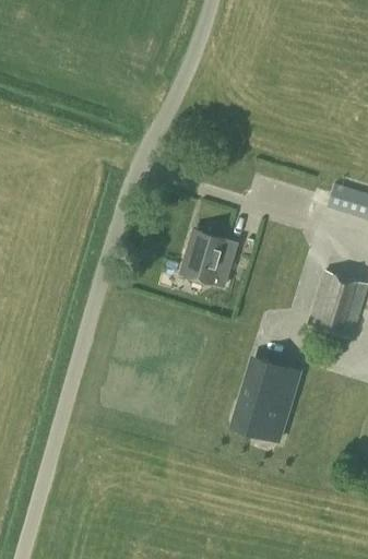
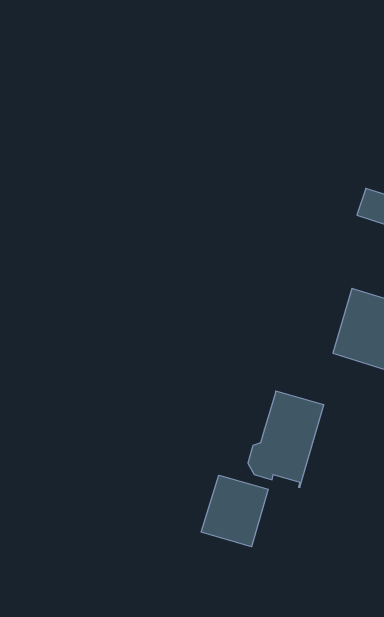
building: [181,230,228,284] -> none
building: none -> [201,475,268,547]

